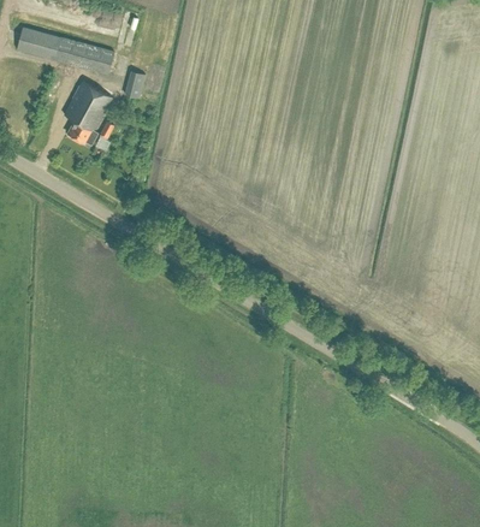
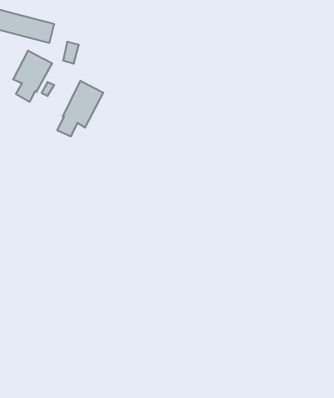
building: none -> [57,81,103,136]

